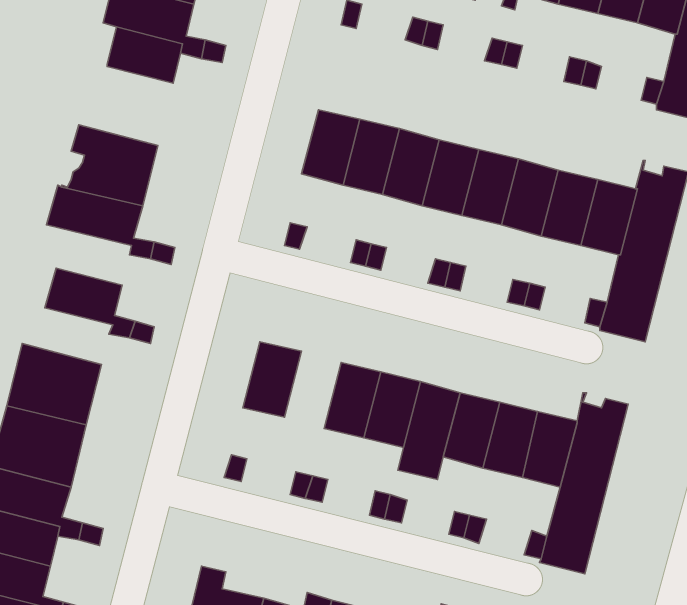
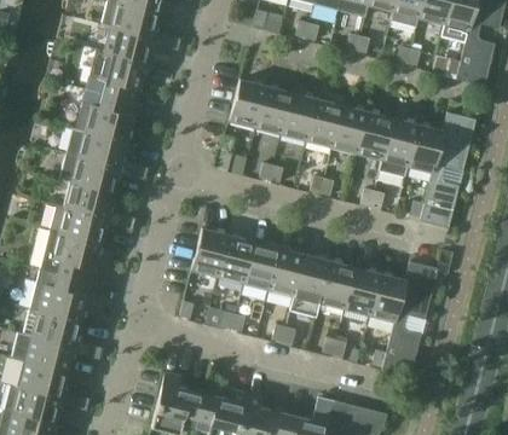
building: none -> [85,50,145,103]
building: none -> [58,153,119,192]
building: none -> [48,204,106,243]
building: none -> [217,234,253,284]

